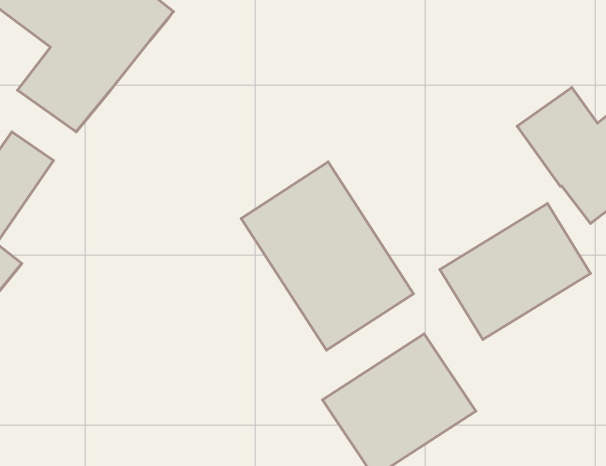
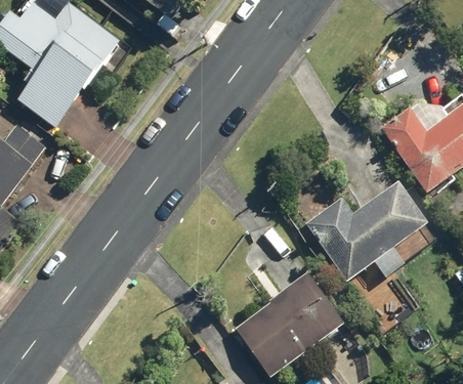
building: [241,162,413,350] -> none

